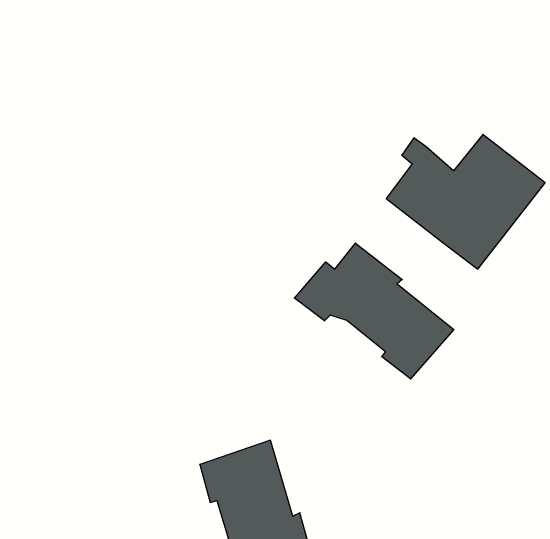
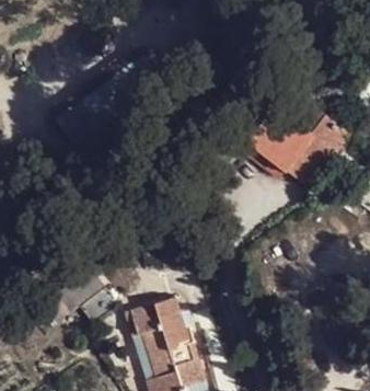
building: [294,243,454,379] -> none

